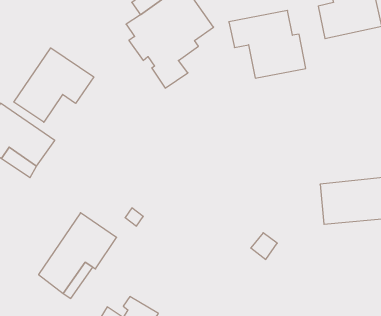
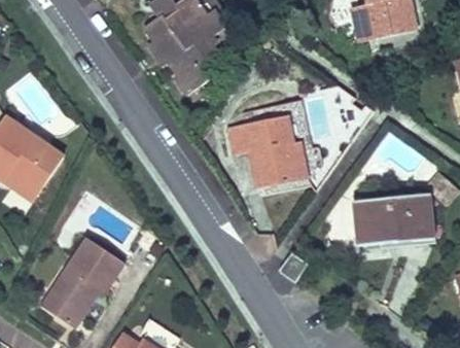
building: [229,10,306,78] -> [226,115,310,188]
building: [14,48,94,122] -> none

